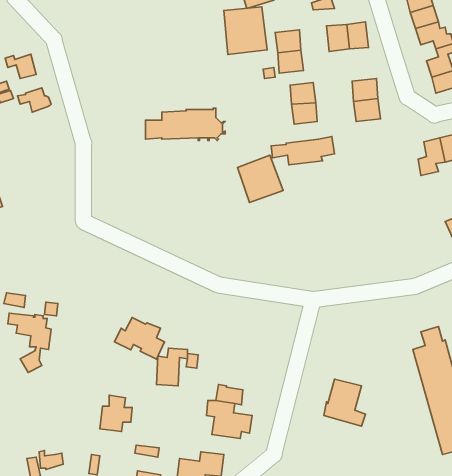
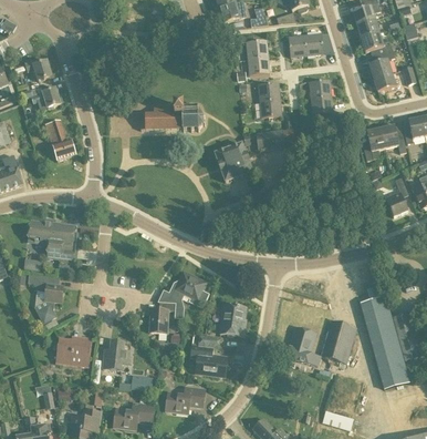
building: [224,7,267,54] -> none
building: none -> [51,125,74,160]
building: none -> [28,220,74,261]
building: [114,317,164,359] -> [167,272,208,306]
building: none -> [218,303,244,335]
building: none -> [320,319,355,361]
building: none -> [54,335,91,366]

